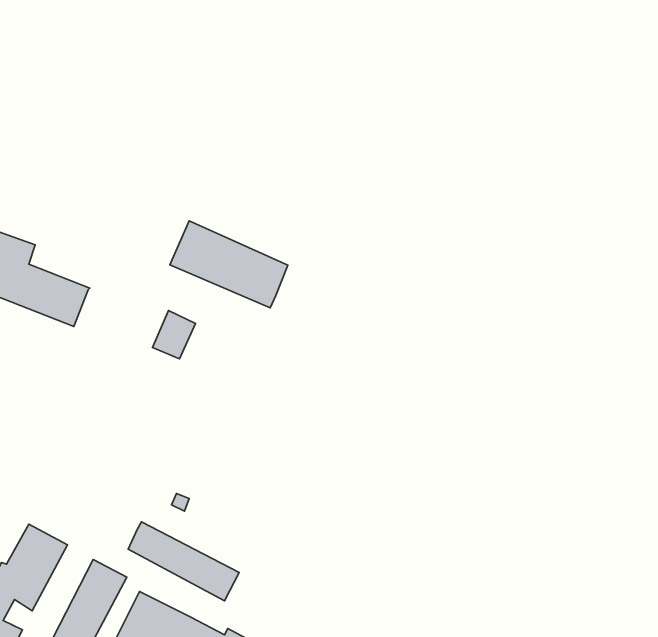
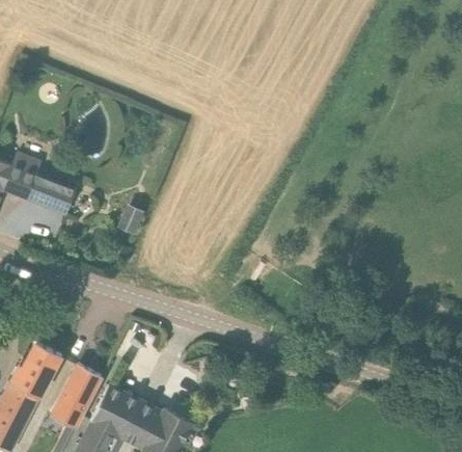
building: [170,221,288,308] -> none
building: [128,522,239,601] -> none

